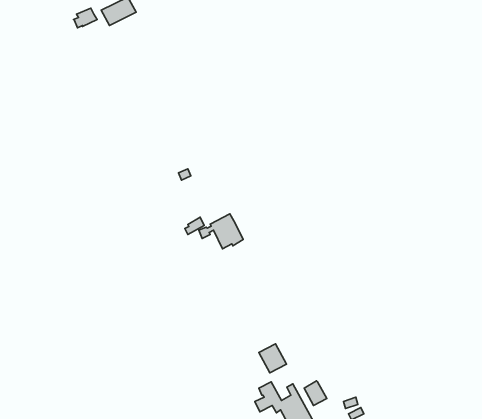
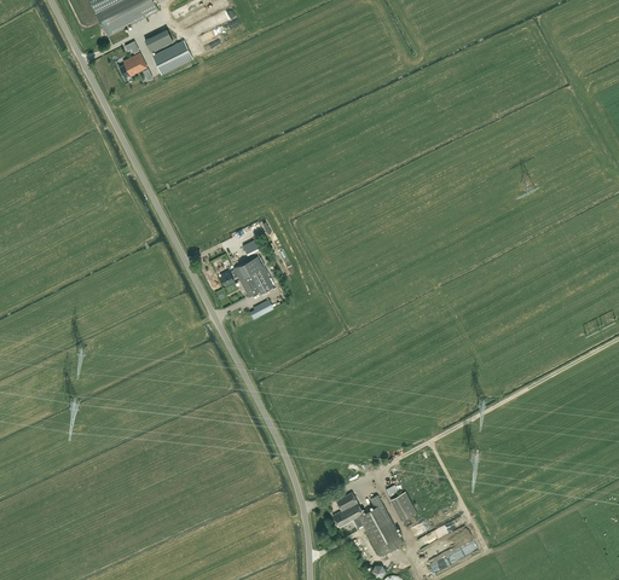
building: [199,214,243,249] -> [220,256,272,297]
building: [259,344,287,373] -> none

